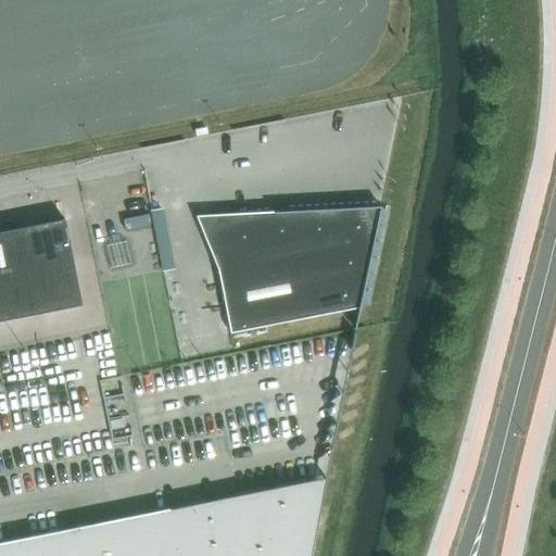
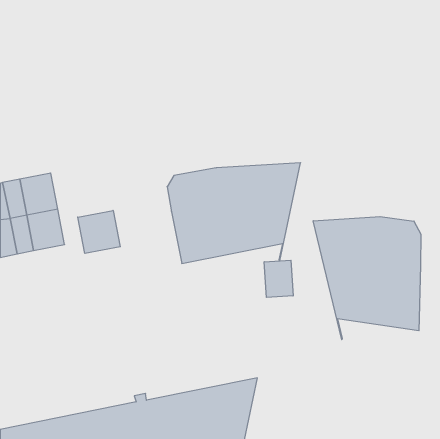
building: none -> [78,210,120,253]
building: none -> [313,217,421,340]
building: none -> [264,260,293,297]

